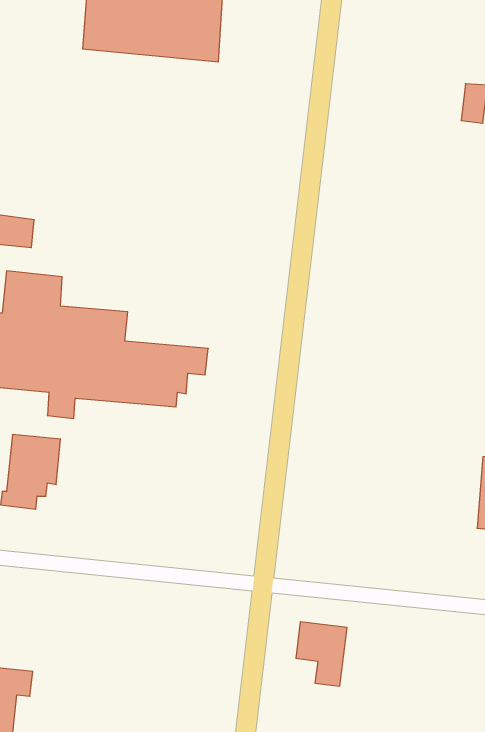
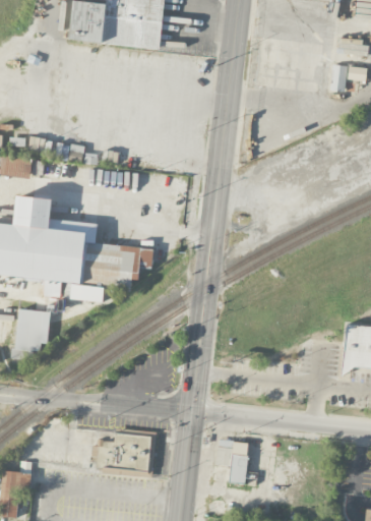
building: none -> [69,284,105,302]
building: none -> [92,432,150,474]

